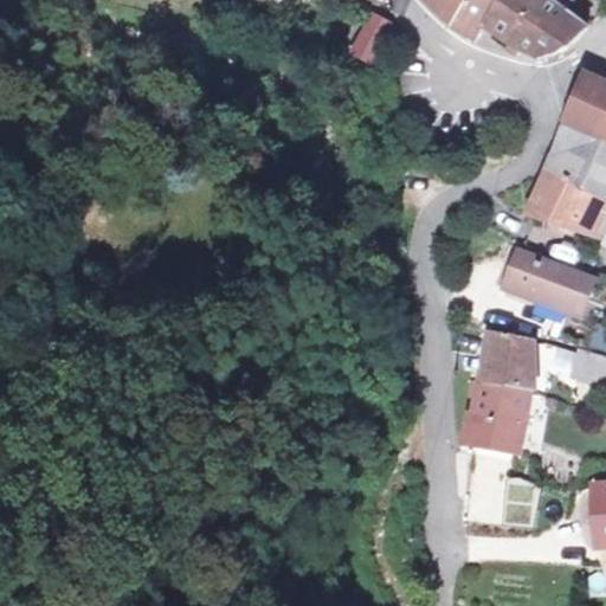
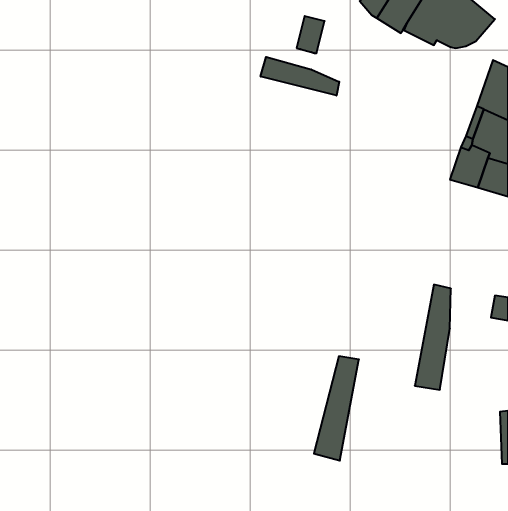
building: none -> [261,57,339,96]
building: [509,247,589,311] -> none
building: [459,333,512,456] -> [314,356,359,461]

